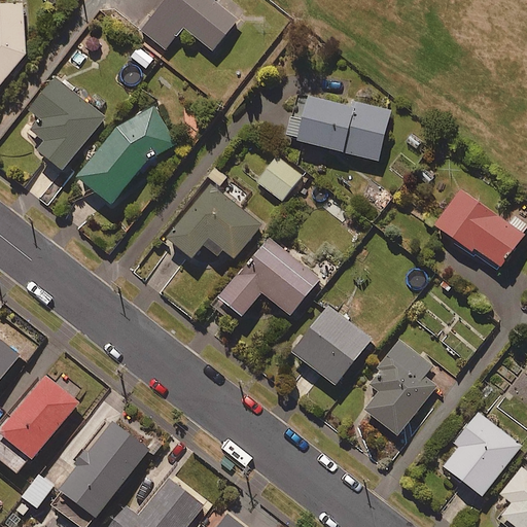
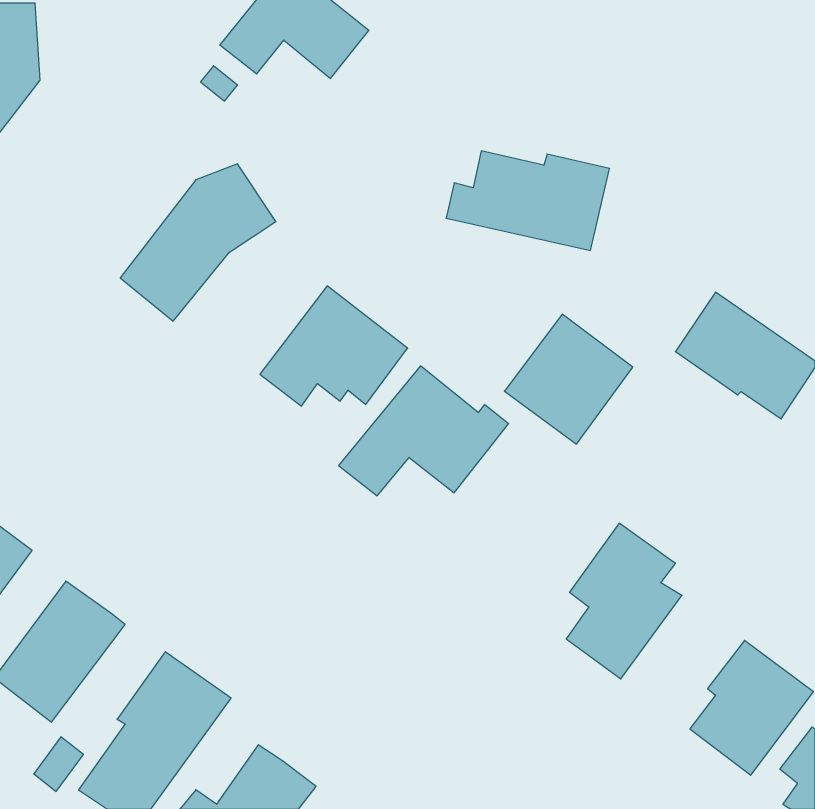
building: [28,76,106,172] -> none
building: [255,153,302,200] -> none
building: [290,303,373,386] -> [504,314,633,444]

